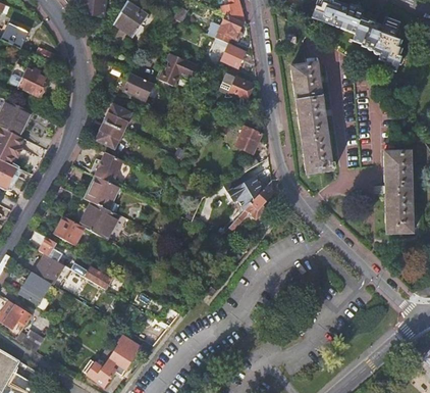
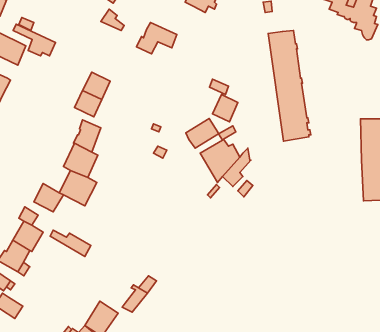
building: [210,37,246,68] -> none
building: [108,63,151,95] -> [13,24,56,56]
building: [219,72,253,99] -> none
building: none -> [186,119,218,148]

